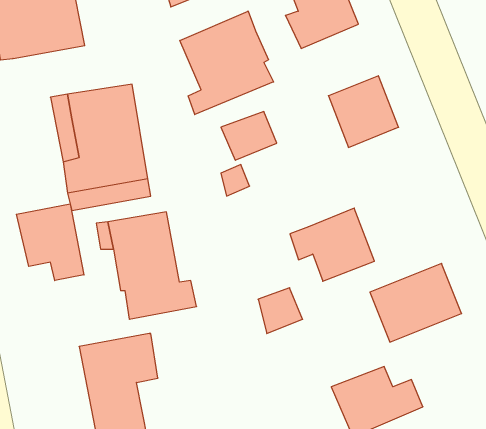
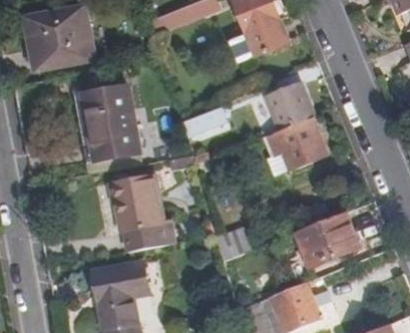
building: [180,11,274,115] -> none
building: [16,204,84,281] -> none
building: [290,208,374,281] -> [266,117,325,169]

